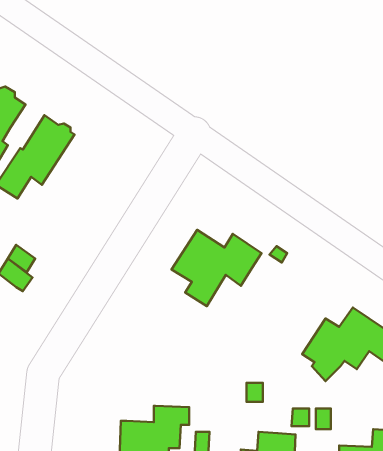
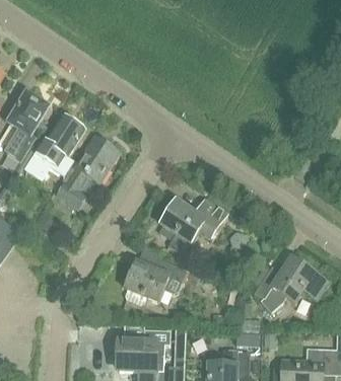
building: none -> [57,135,119,207]
building: none -> [124,258,186,303]

